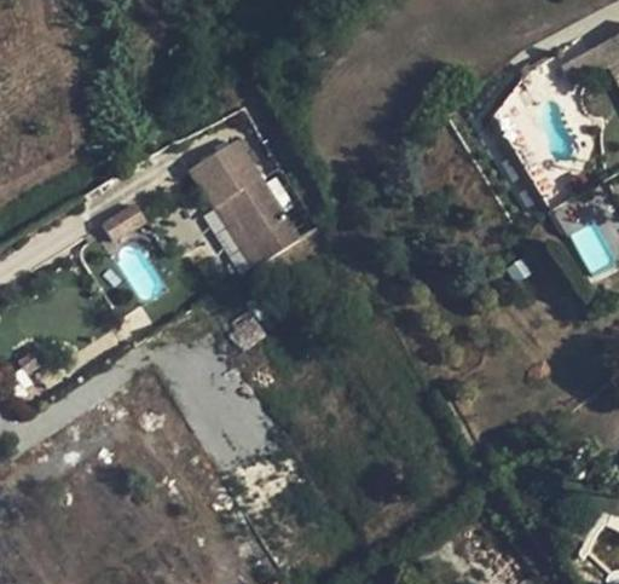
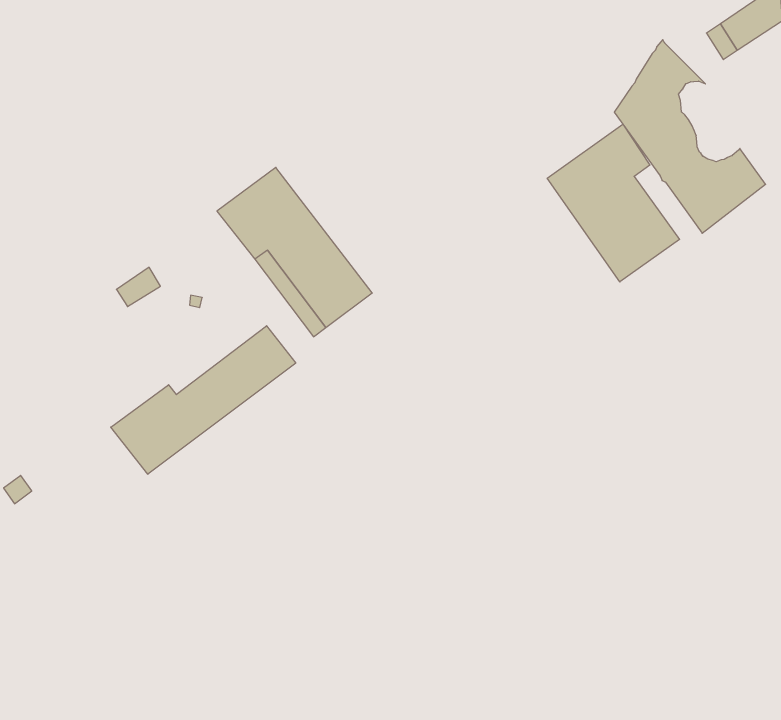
building: none -> [547,124,680,282]
building: none -> [111,326,296,474]

